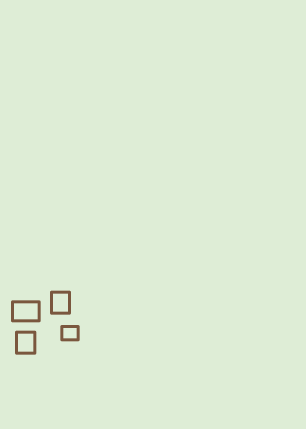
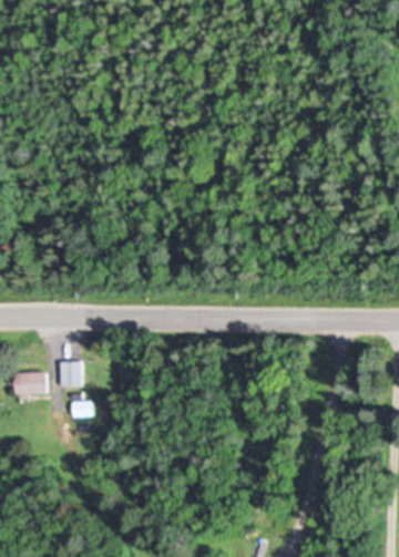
building: [17,332,35,353] -> none

